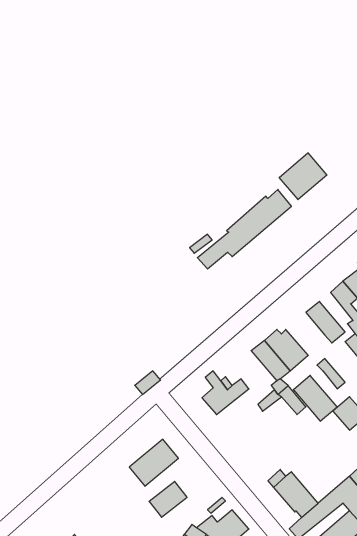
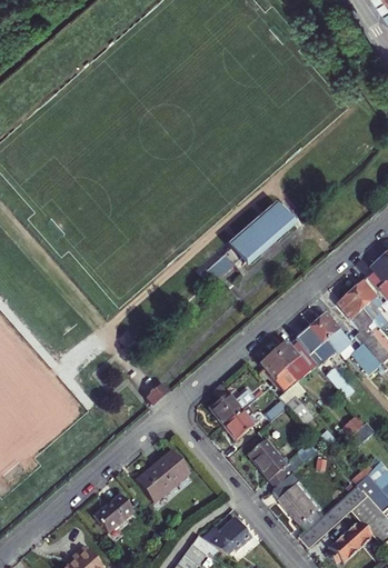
building: [279,153,327,200] -> none
building: none -> [300,323,332,357]
building: [293,375,337,421] -> [249,440,292,486]
building: none -> [225,410,255,439]
building: [149,481,187,517] -> [93,494,131,529]

